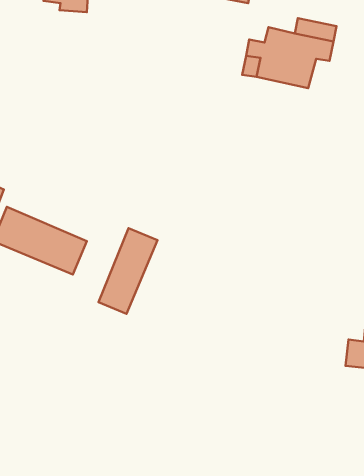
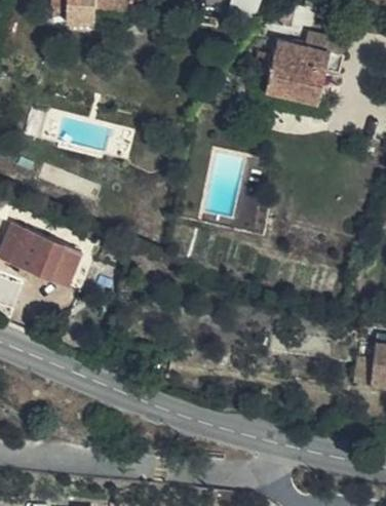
building: [98,228,157,314] -> none

